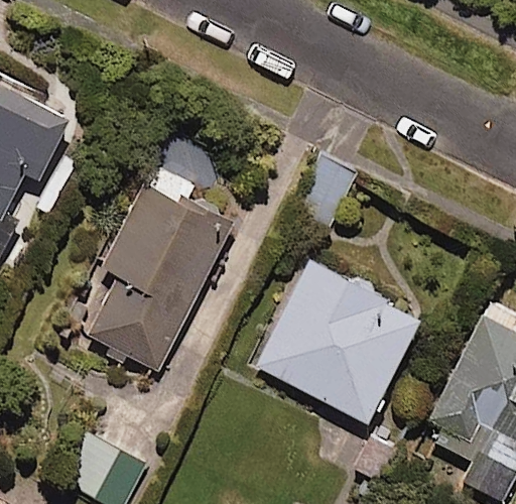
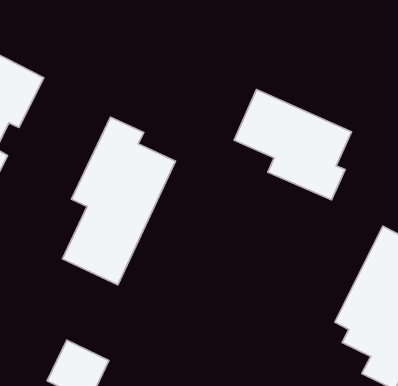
building: none -> [234,89,352,200]
building: [254,255,416,418] -> none

